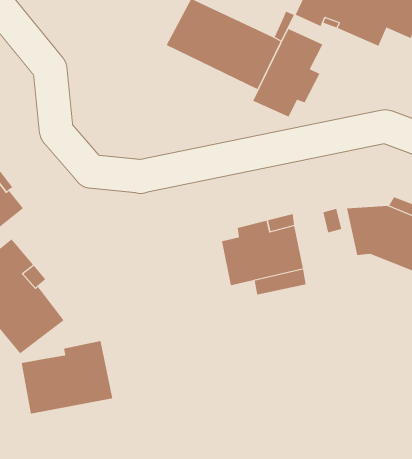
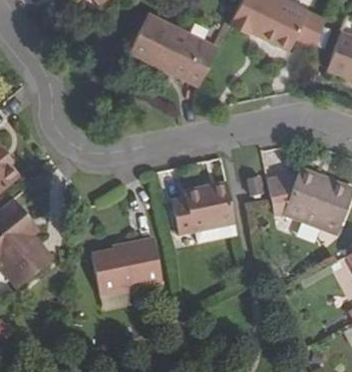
building: [253,28,323,117] -> none
building: [21,341,113,414] -> [91,239,161,295]

